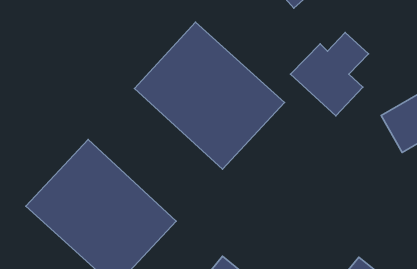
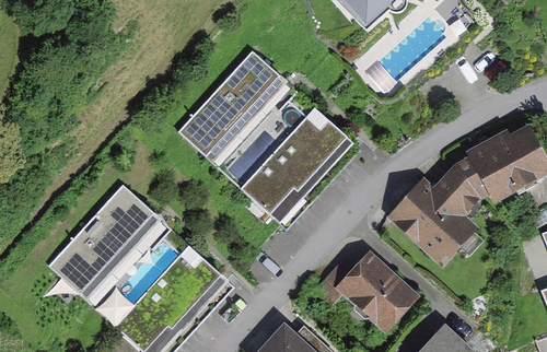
building: [291,33,368,116] -> [387,166,479,265]
building: none -> [337,253,418,333]

